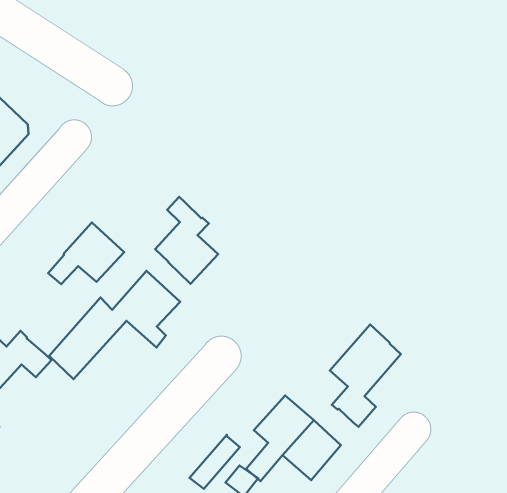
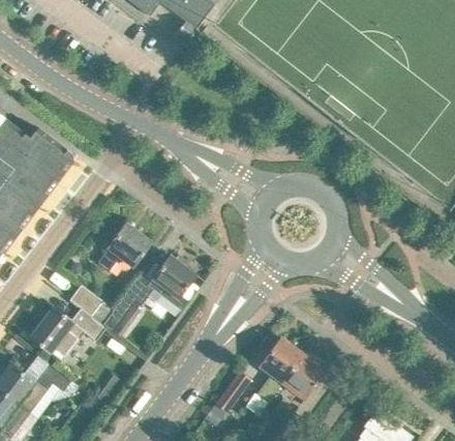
building: [155,197,218,284] -> none
building: none -> [69,285,111,323]
building: [330,324,401,427] -> none

